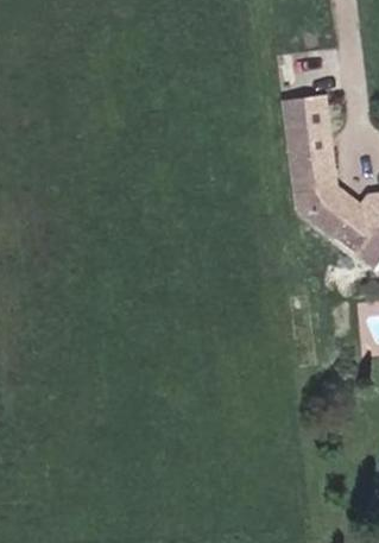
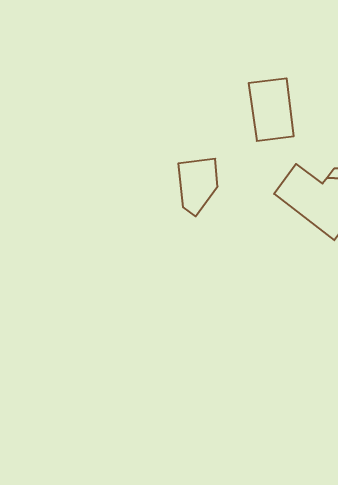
building: [291,157,331,216] -> [178,159,218,216]

